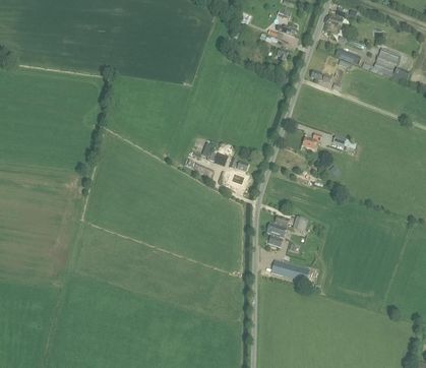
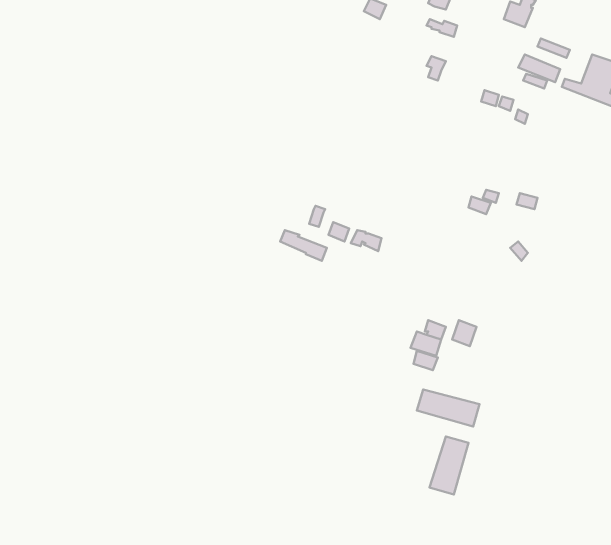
building: none -> [429,437,469,495]

